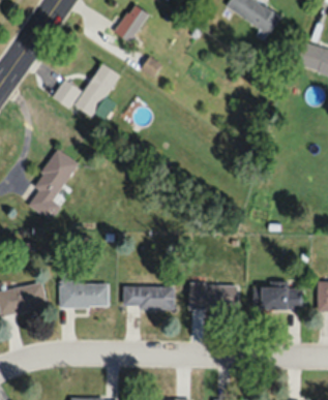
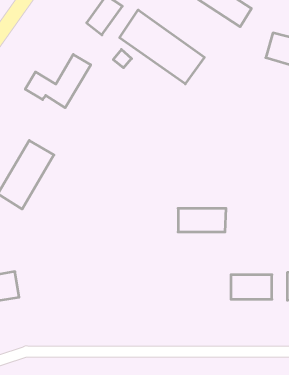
building: none -> [120,10,204,84]
building: [60,273,109,307] -> none
building: [189,283,238,307] -> [178,208,226,232]
building: [123,286,174,308] -> none

